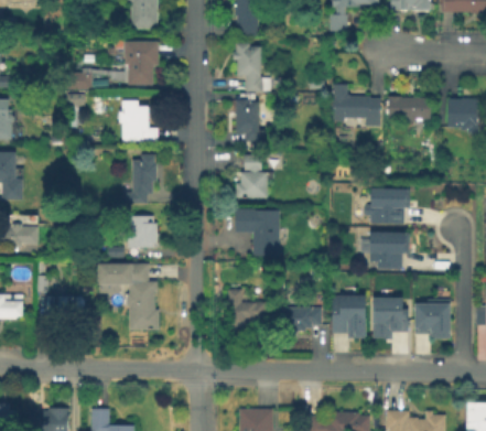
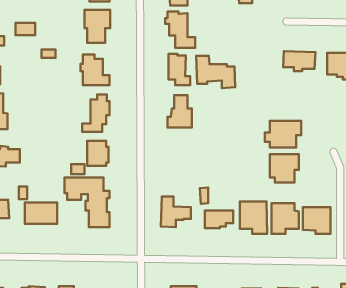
building: [66,73,93,89] -> [15,23,35,35]
building: [331,84,382,127] -> [196,56,235,88]
building: [236,208,280,256] -> none

